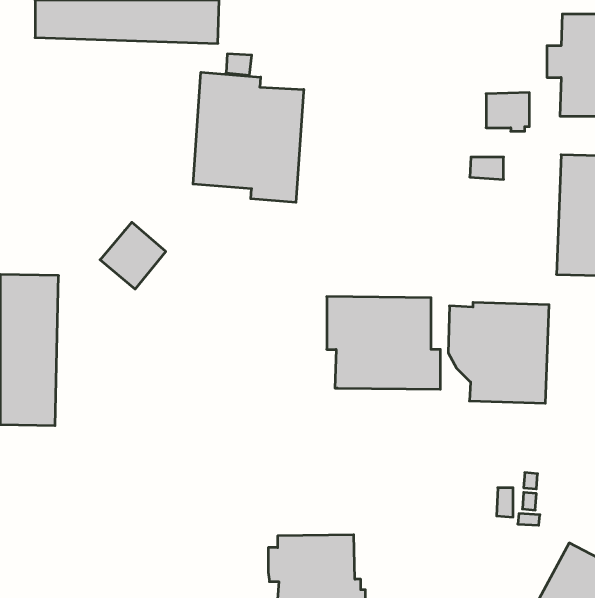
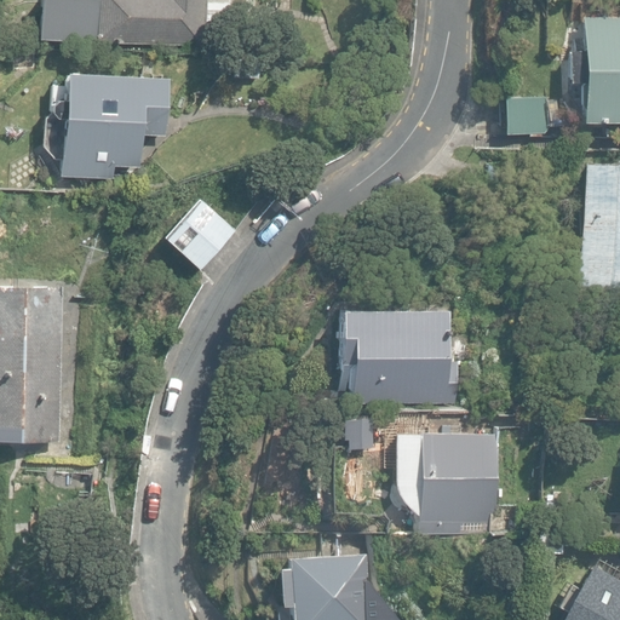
building: none -> [53,71,171,179]
building: [193,72,304,202] -> none
building: [100,222,166,289] -> [167,197,235,266]
building: [448,302,549,403] -> [395,432,499,536]

